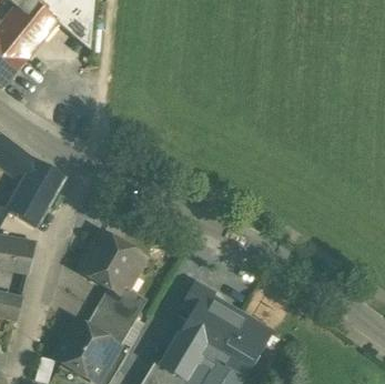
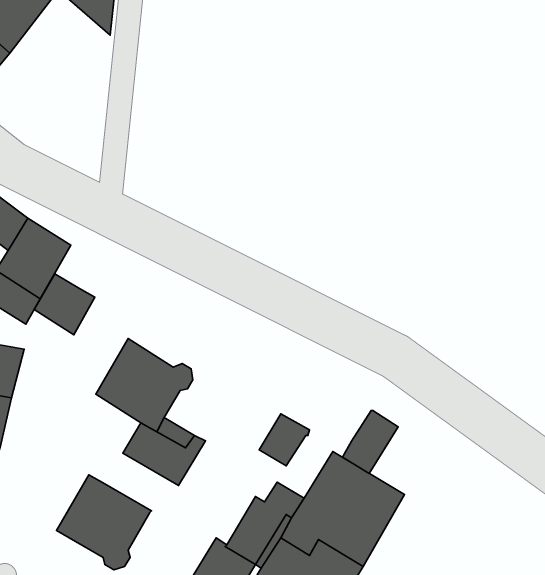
building: none -> [34,274,95,335]
building: [192,295,226,334] -> [342,411,398,473]
building: [85,306,131,346] -> none

